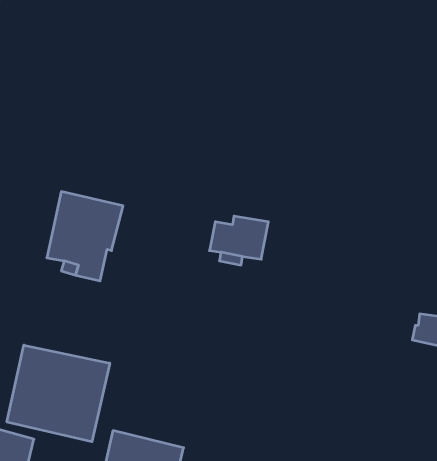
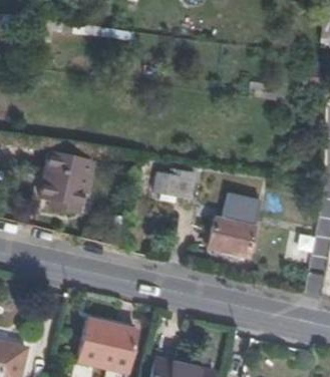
building: none -> [208,193,260,257]
building: [7,345,110,442] -> none

